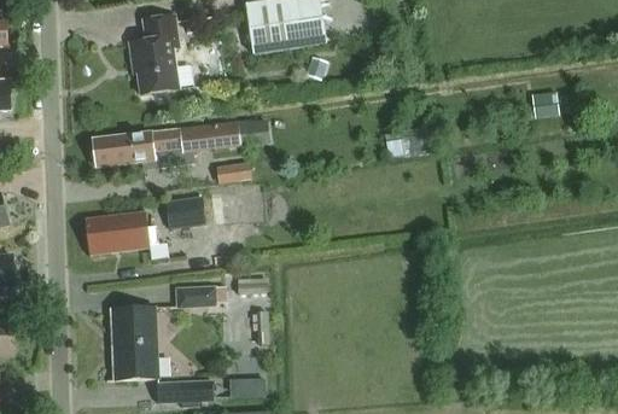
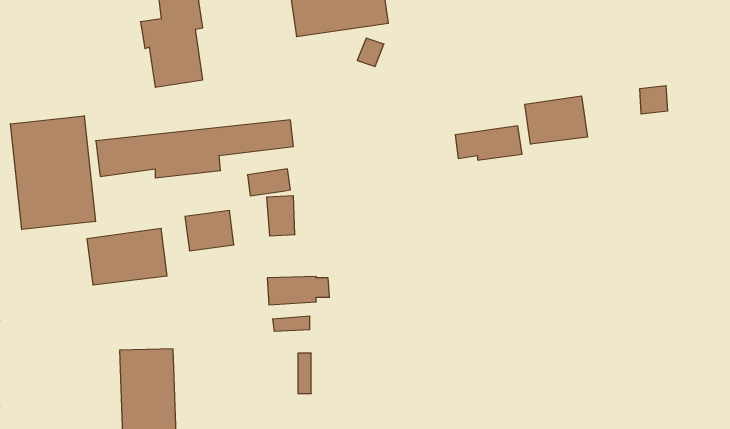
building: none -> [525,96,587,144]
building: none -> [10,116,95,230]
building: [176,285,227,308] -> [267,277,330,305]

